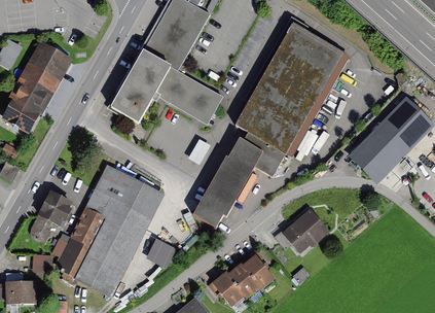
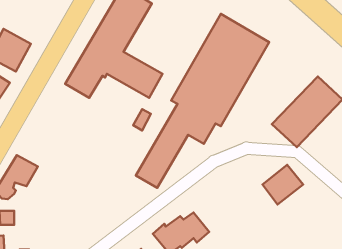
building: [52,164,167,294] -> none
building: [281,207,328,253] -> [263,165,303,205]
building: [145,235,175,266] -> none

